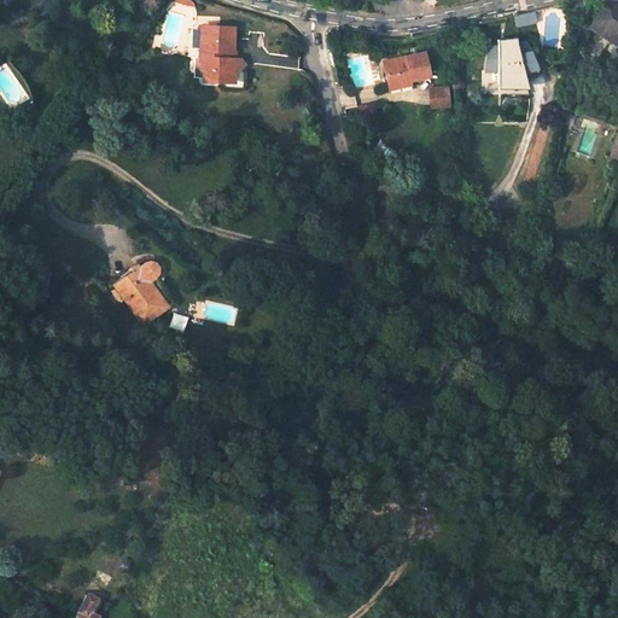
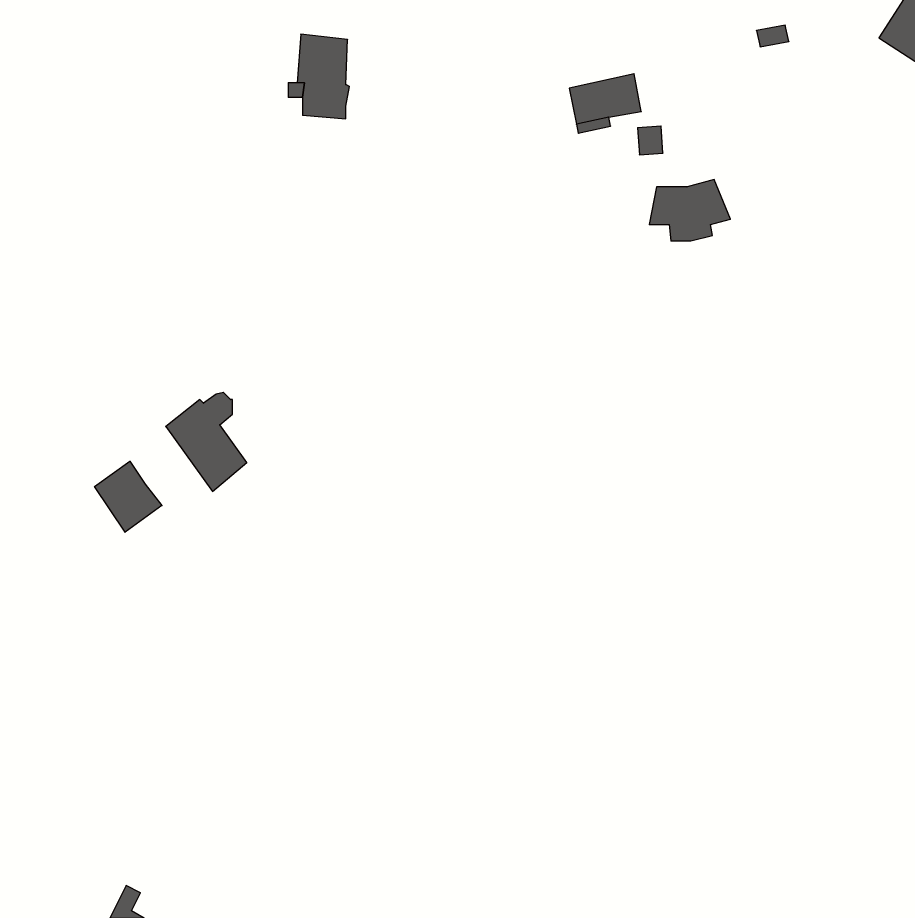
building: [480,45,535,86] -> [649,180,730,241]
building: none -> [95,461,162,532]

